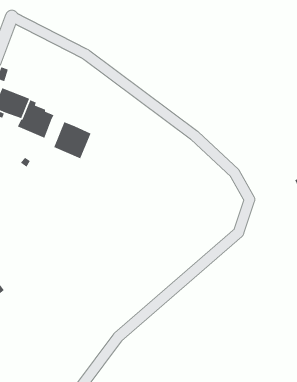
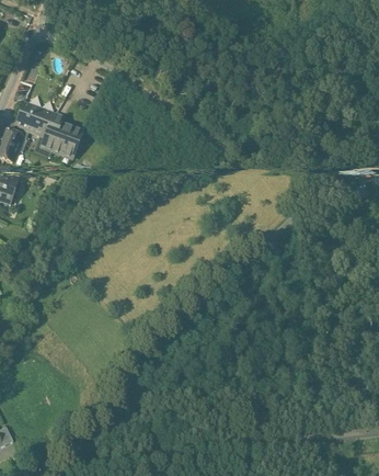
building: [53,121,91,159] -> none

